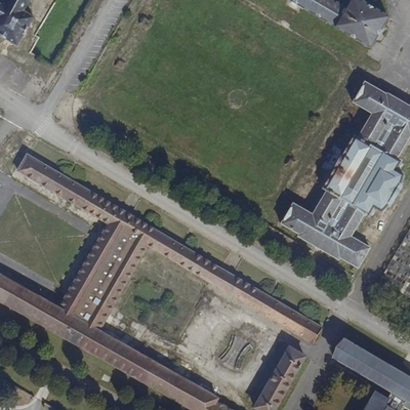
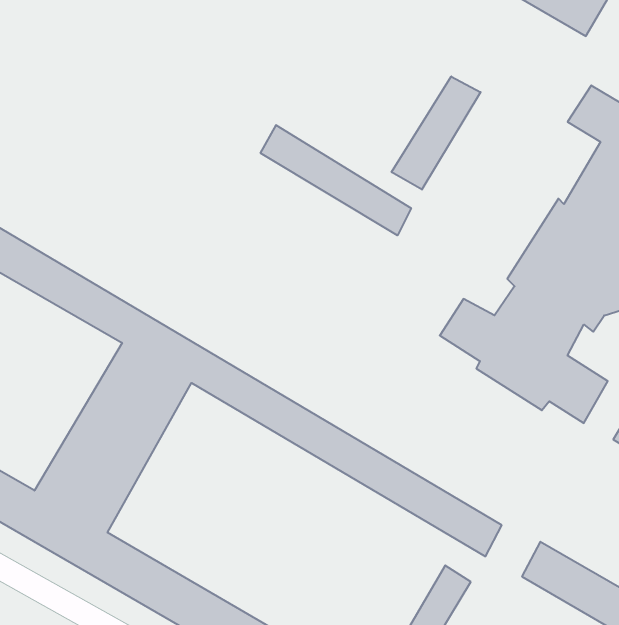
building: none -> [392,76,481,190]
building: none -> [261,125,411,235]

